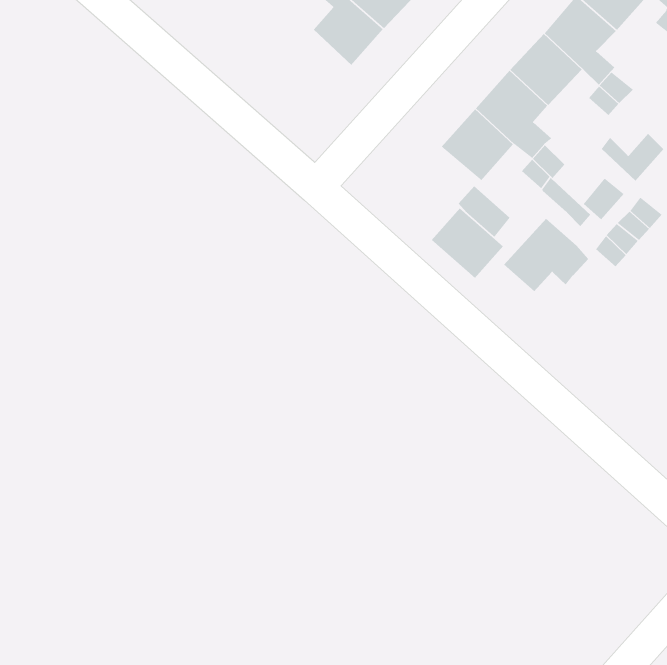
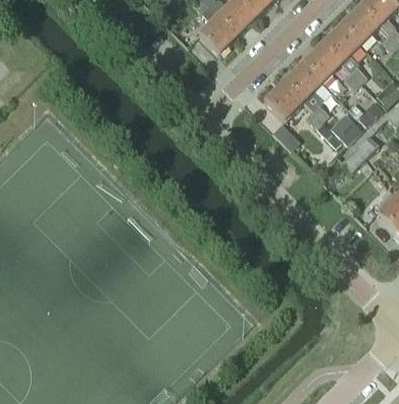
building: [431,207,504,279] -> none
building: [503,218,589,292] -> none

